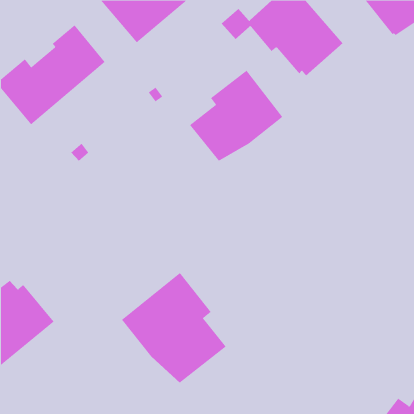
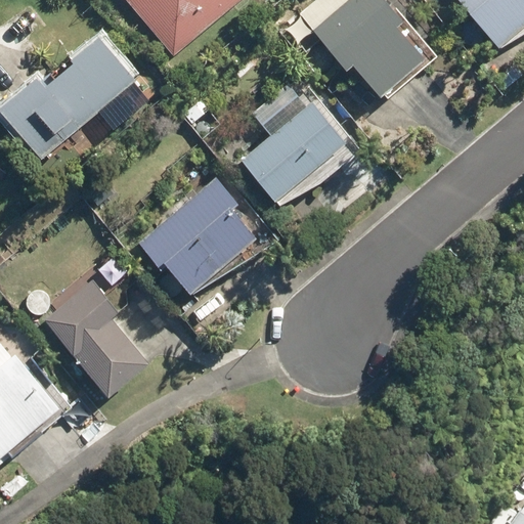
building: none -> [138,167,278,294]
building: none -> [44,277,147,397]
building: [121,272,226,383] -> none

